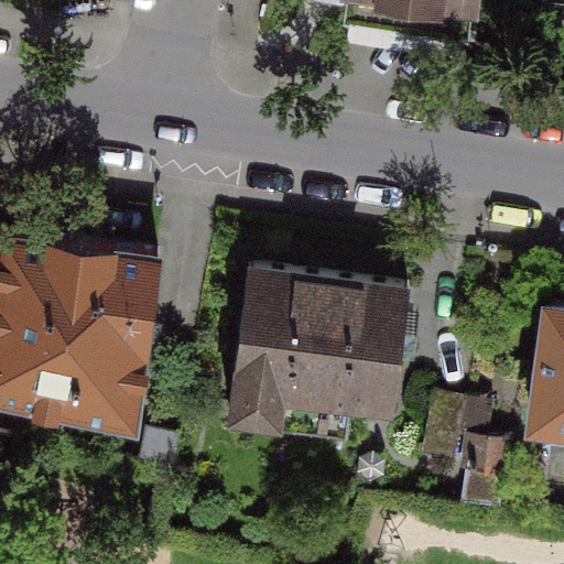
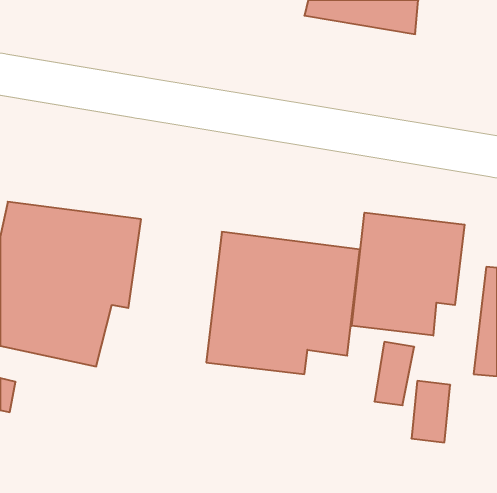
building: none -> [352,213,465,336]

